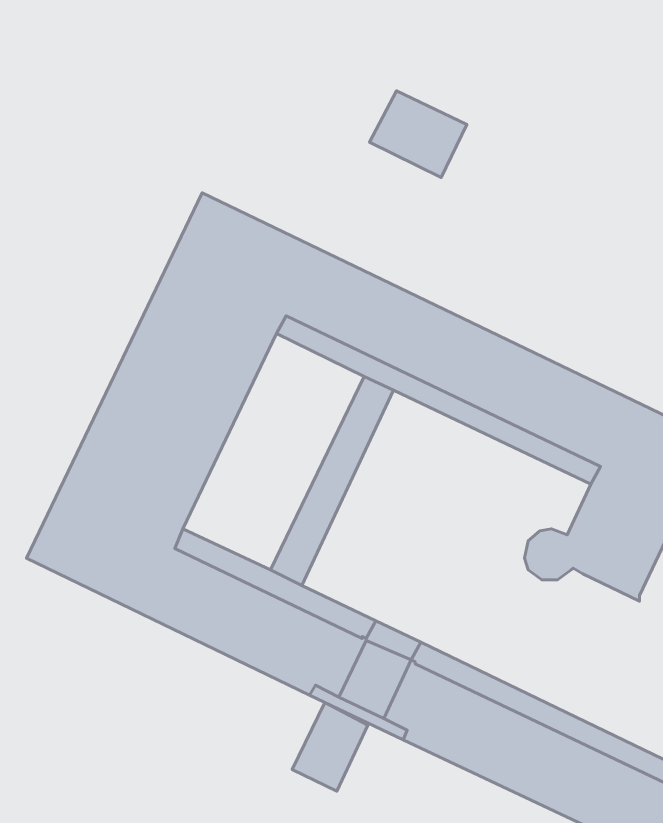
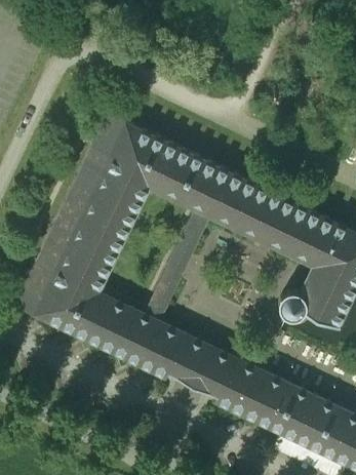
building: [369,91,467,177] -> none
building: [292,702,368,791] -> none

